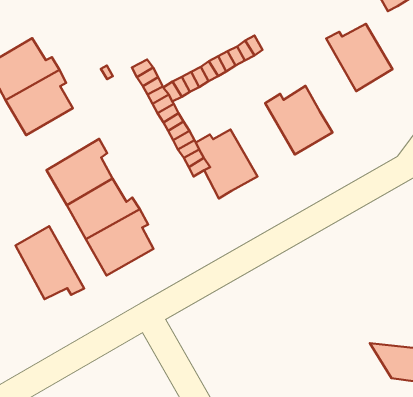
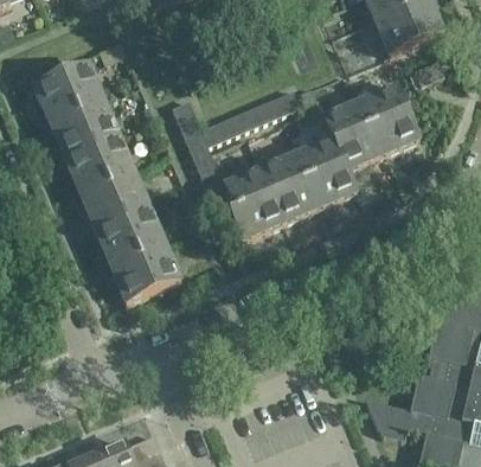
building: none -> [325,101,381,169]
building: none -> [258,155,316,224]
building: none -> [64,139,133,194]
building: [15,226,84,299] -> none

